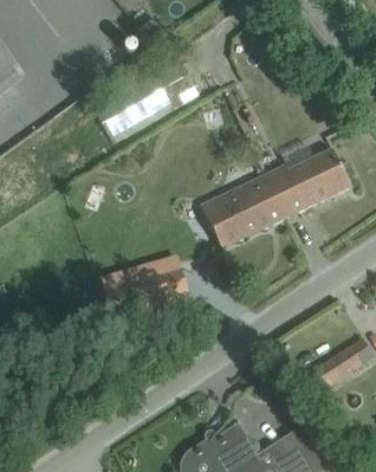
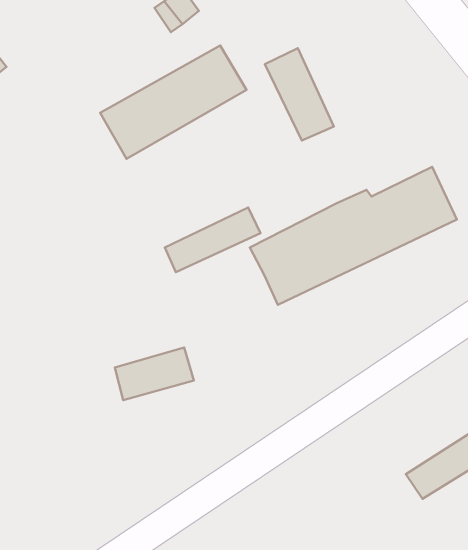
building: none -> [265,48,334,141]
building: none -> [165,207,260,272]

